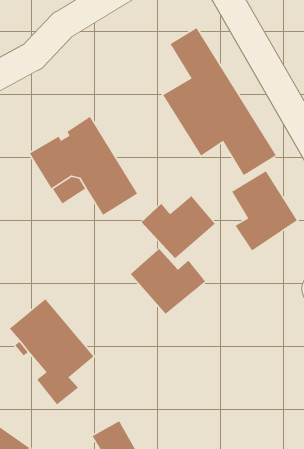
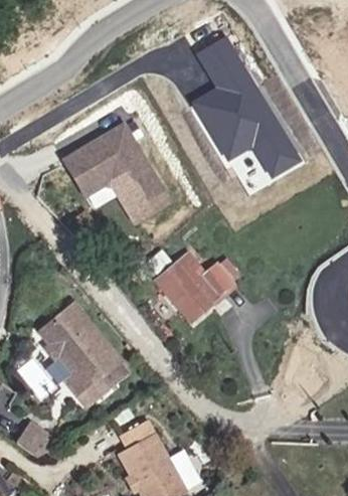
building: [231,170,298,251] -> none
building: [141,195,216,259] -> none

